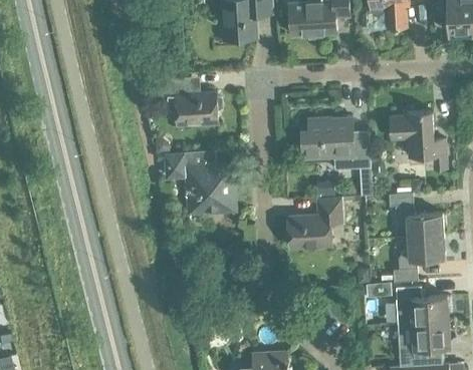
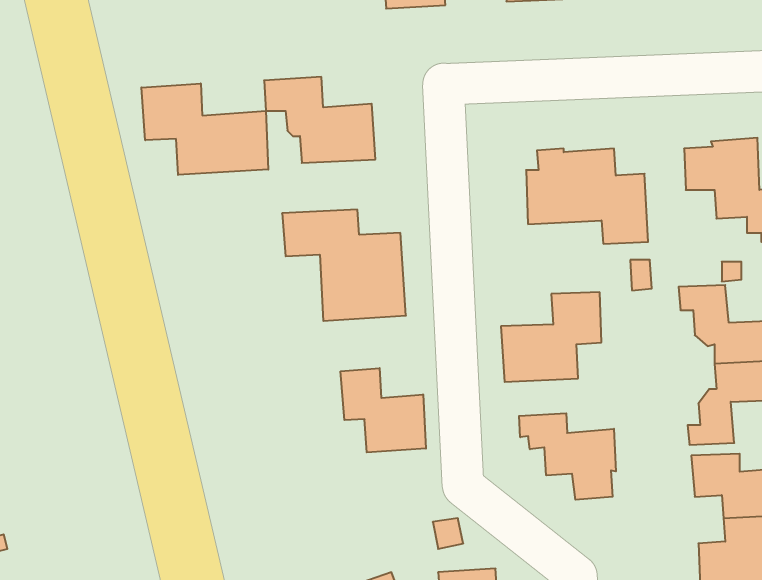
building: none -> [141,83,268,175]
building: none -> [341,368,426,452]
building: none -> [519,413,616,500]

